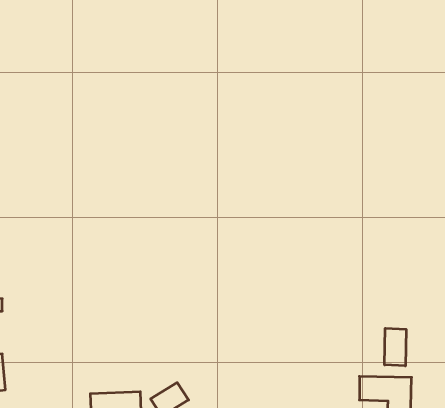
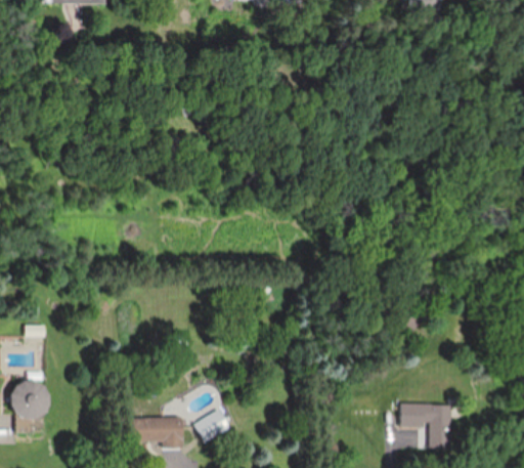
building: [385,328,406,366] -> none

